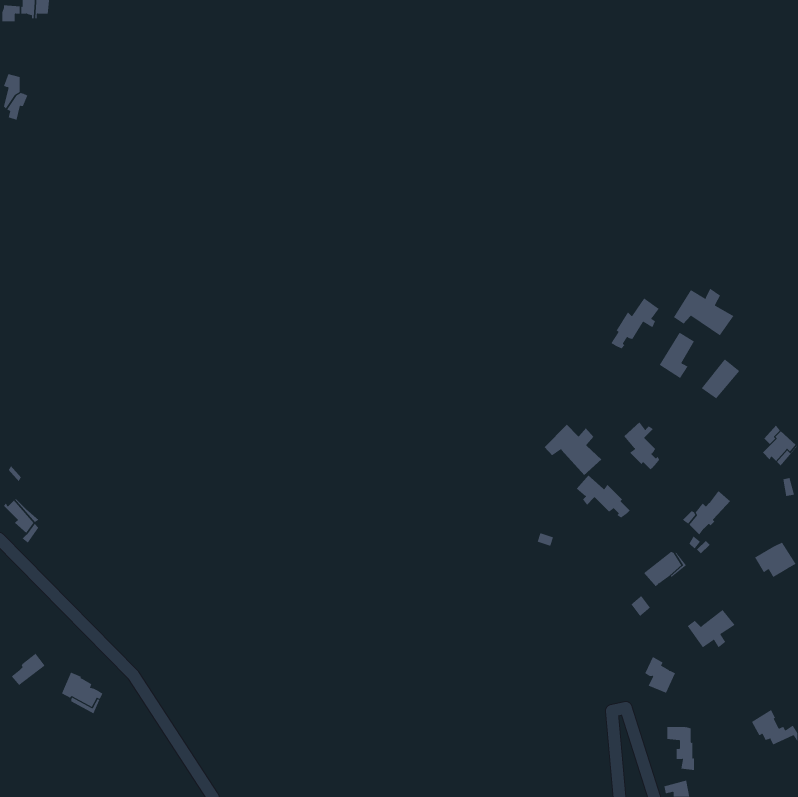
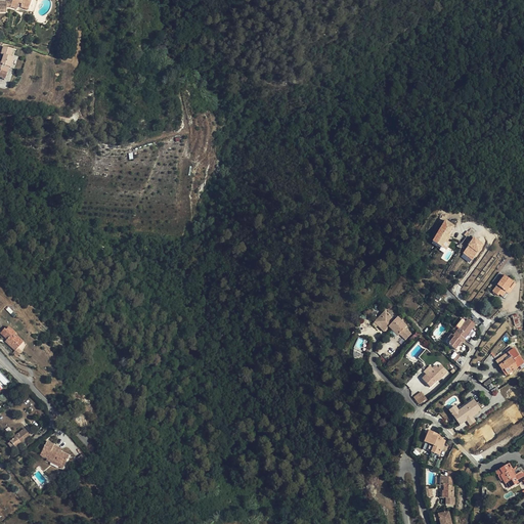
building: [673,288,734,336] -> none
building: [611,298,660,349] -> none
building: [624,422,660,470] -> none
building: [544,424,602,476] -> none

